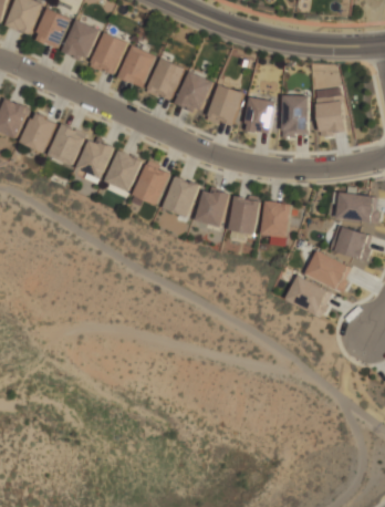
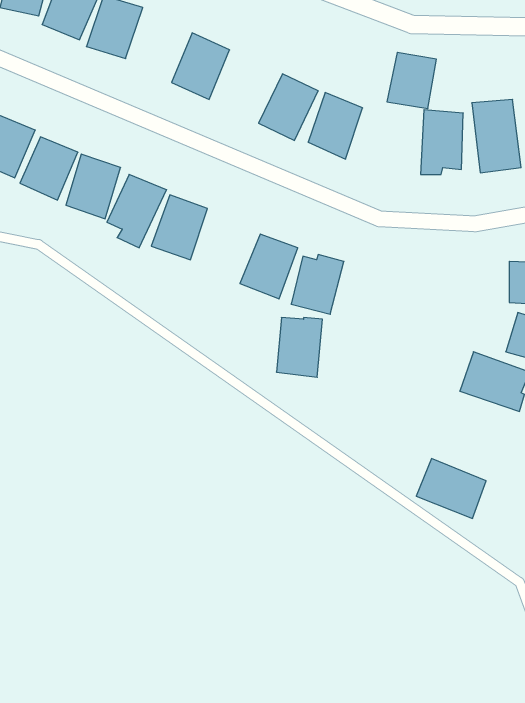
building: [91,32,129,74] -> none
building: [146,56,186,102] -> none
building: [243,96,275,133] -> [387,52,436,109]
building: [133,162,171,205] -> none
building: [230,195,260,234] -> [276,318,322,377]
building: [262,200,291,237] -> none
building: [285,276,331,314] -> [416,459,486,518]

